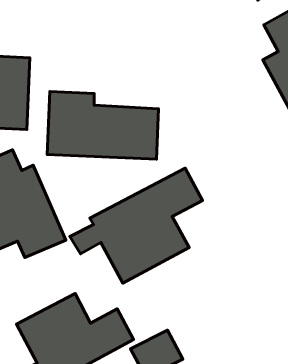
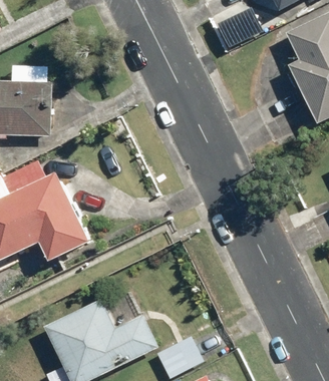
building: [47,92,158,159] -> none
building: [70,168,203,283] -> none

